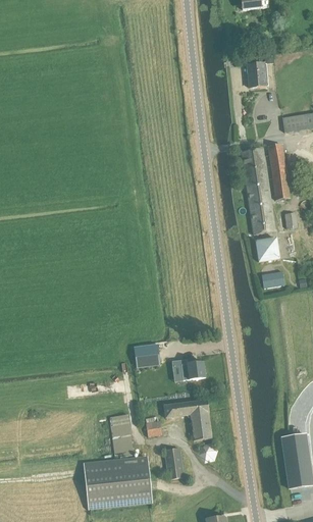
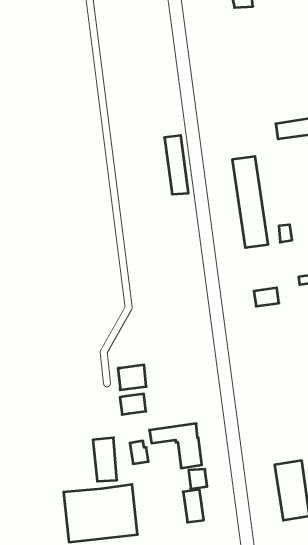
building: [247,62,266,87] -> none
building: [267,144,290,199] -> [164,135,188,194]
building: [255,238,278,261] -> none
building: [180,361,205,380] -> [120,394,146,415]
building: [164,449,184,479] -> [183,490,204,522]

